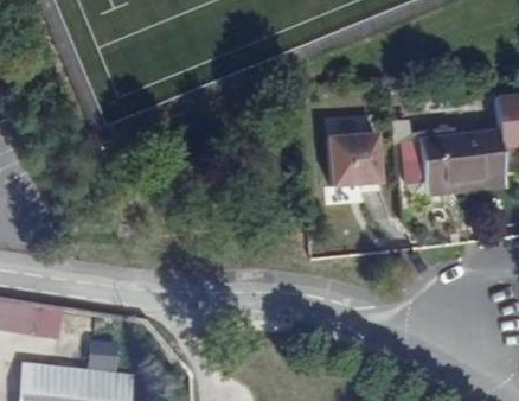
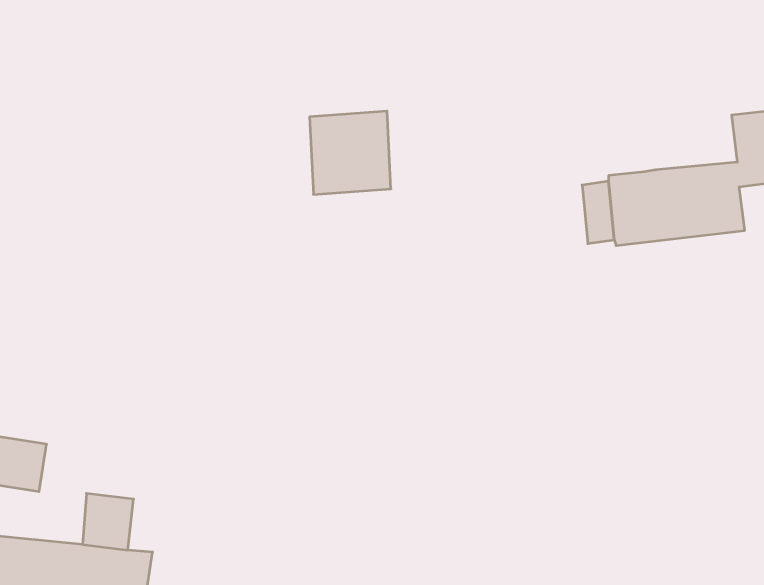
building: [325,134,376,186] -> [310,111,391,194]

